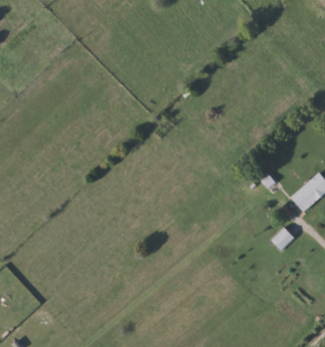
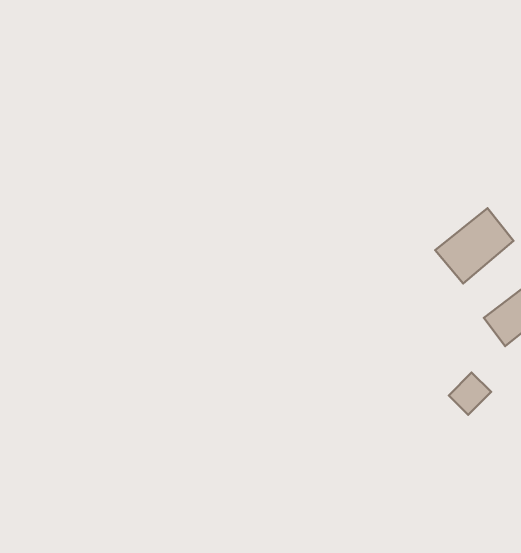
building: none -> [435,208,514,283]

